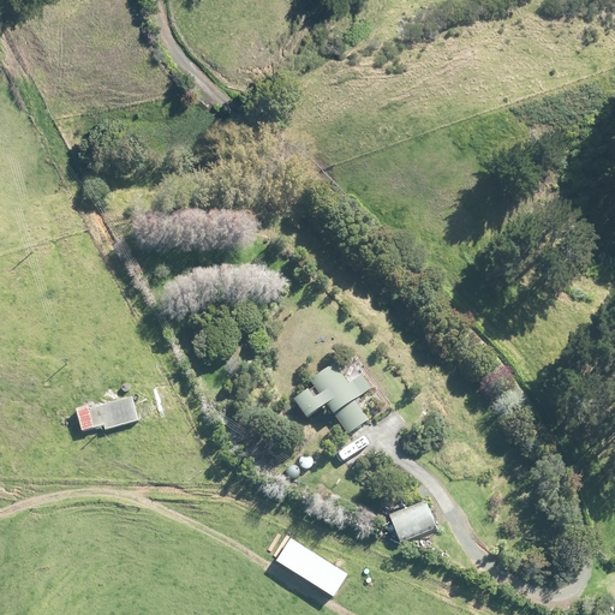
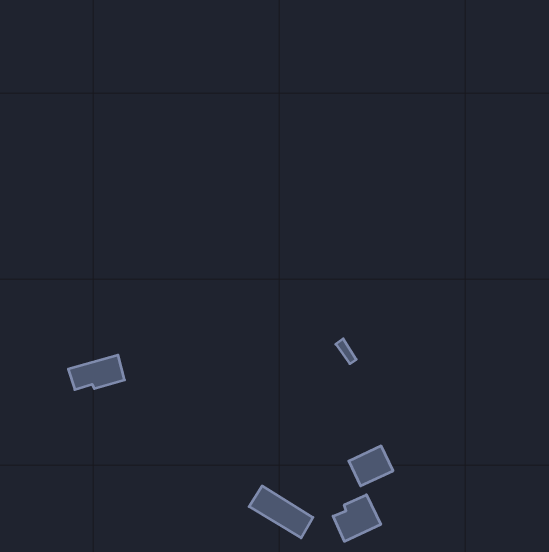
building: [293,359,372,434] -> none
building: none -> [333,495,381,541]

